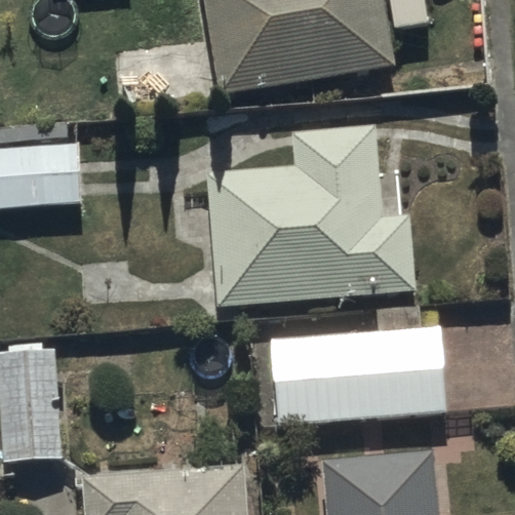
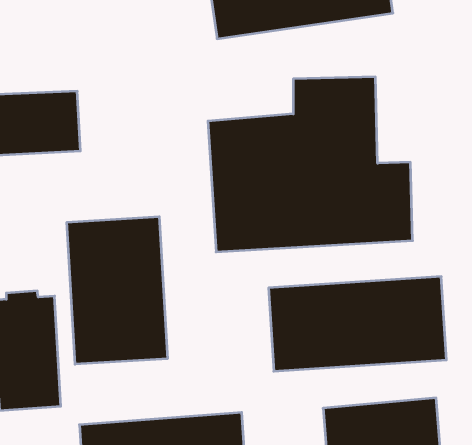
building: none -> [67,217,167,364]

